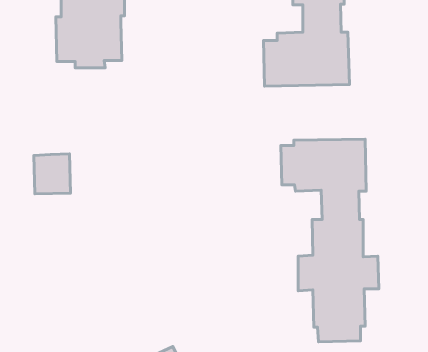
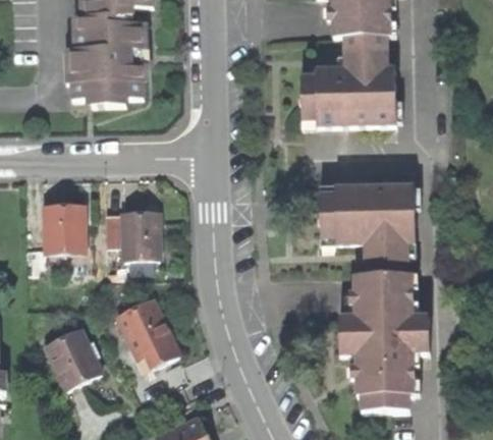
building: none -> [104,211,159,261]
building: none -> [116,296,179,367]
building: none -> [44,327,103,389]

